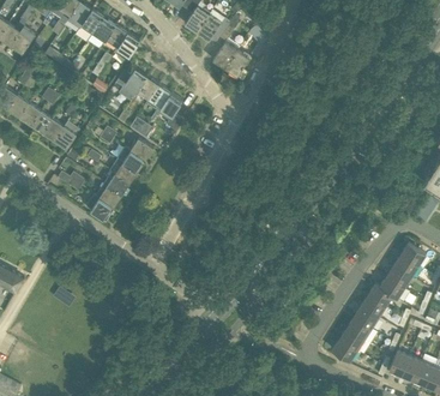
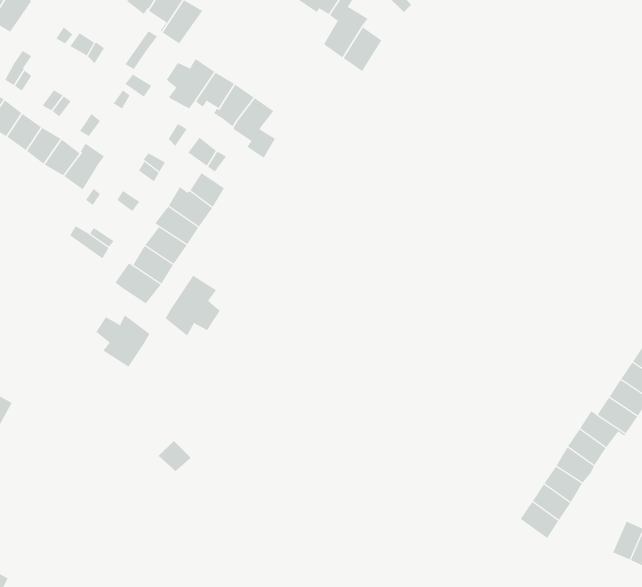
building: none -> [165,275,221,336]
building: none -> [95,314,150,368]

